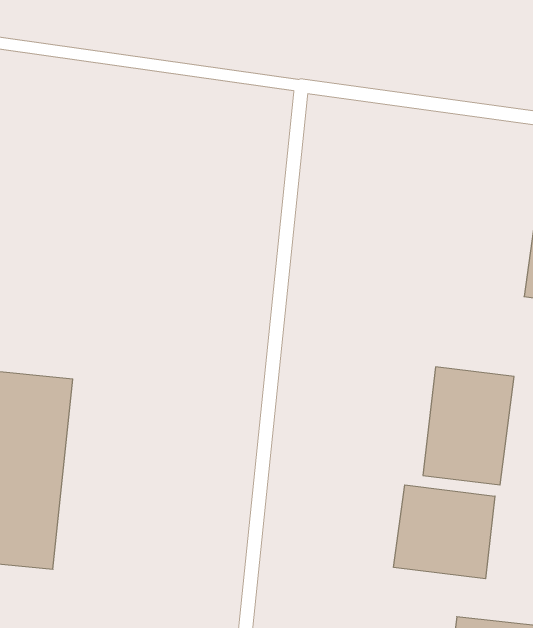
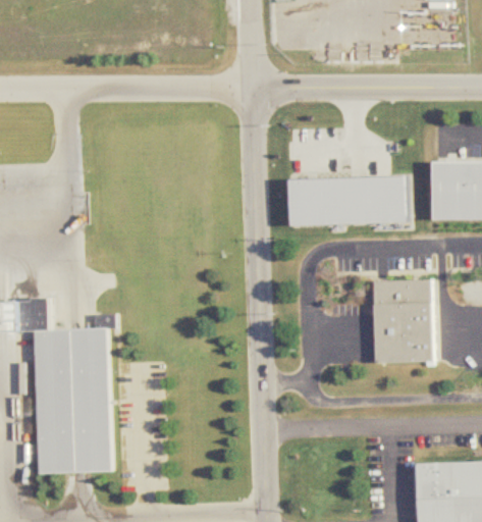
building: none -> [287,176,406,226]
building: [394,485,495,579] -> none

